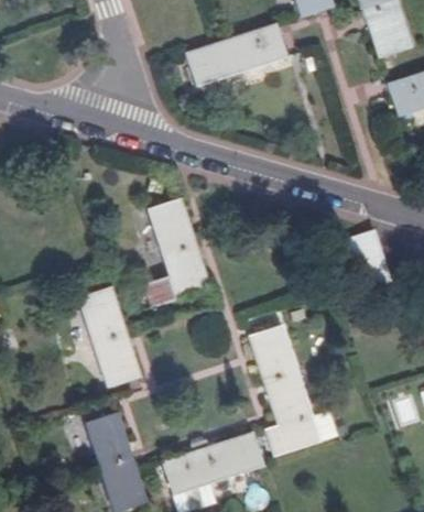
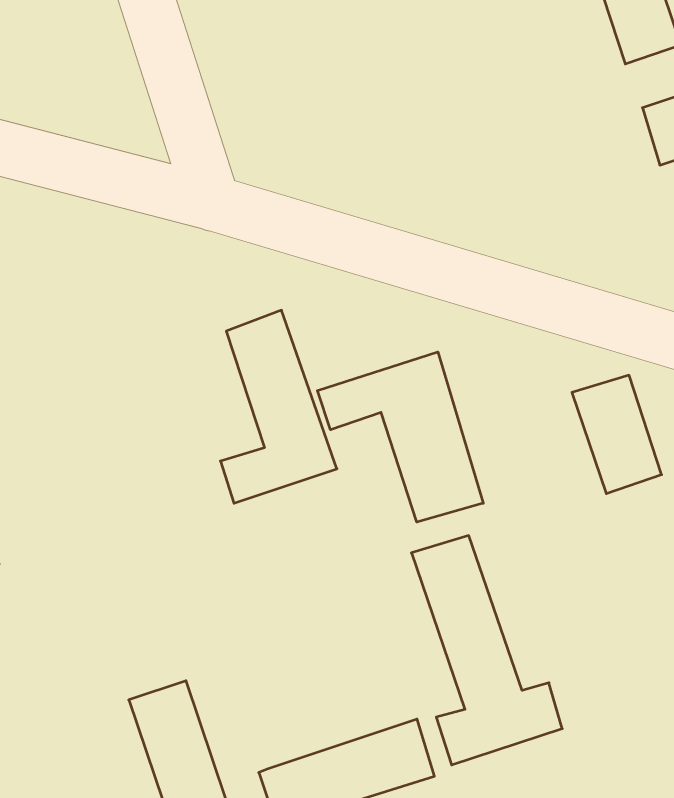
building: [181,24,283,86] -> none
building: none -> [317,352,483,522]
building: [84,285,145,384] -> none

